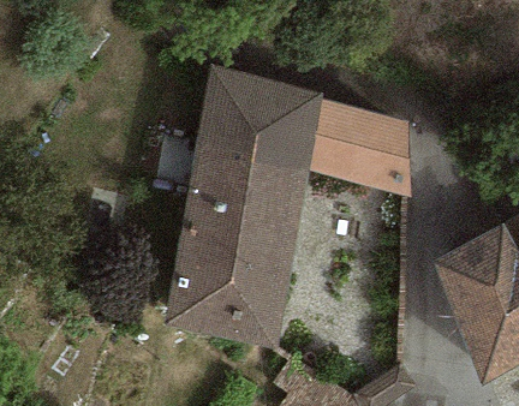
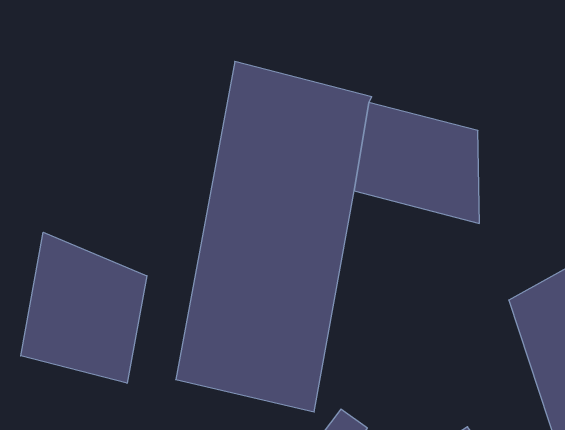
building: none -> [21,232,147,383]

